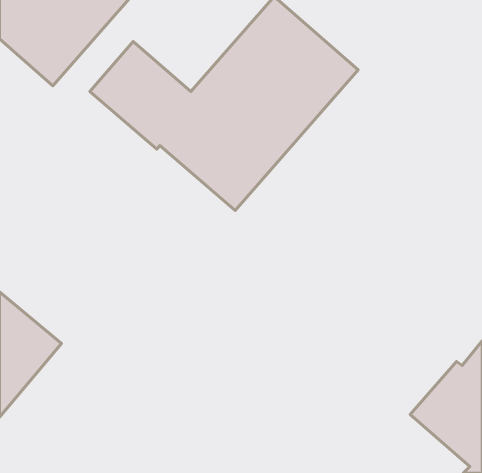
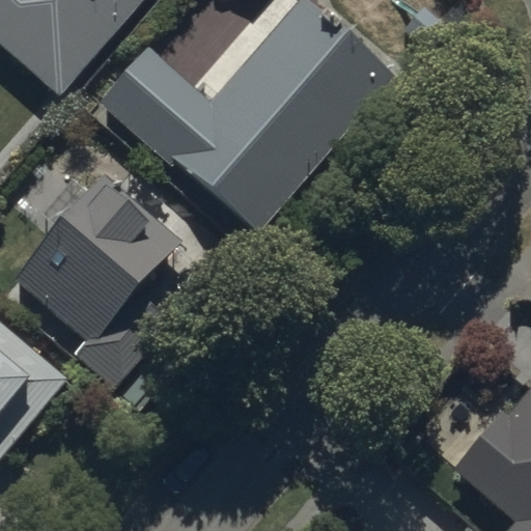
building: none -> [13,173,183,386]

